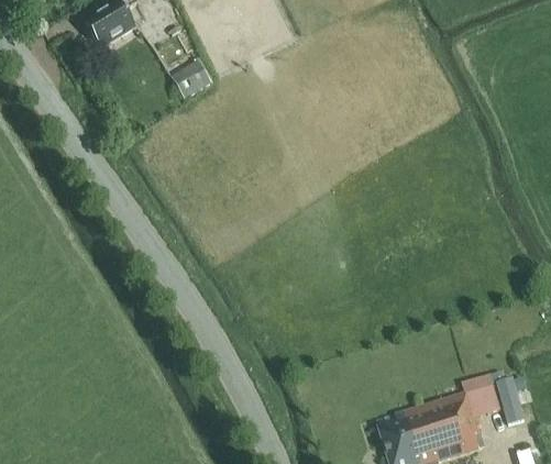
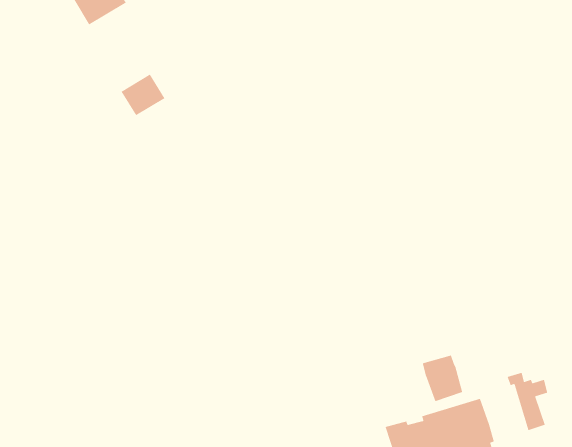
building: [170,57,212,97] -> [121,74,166,116]
building: [461,373,499,417] -> [422,355,463,402]

